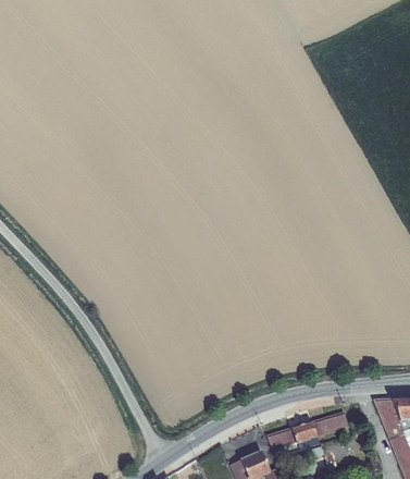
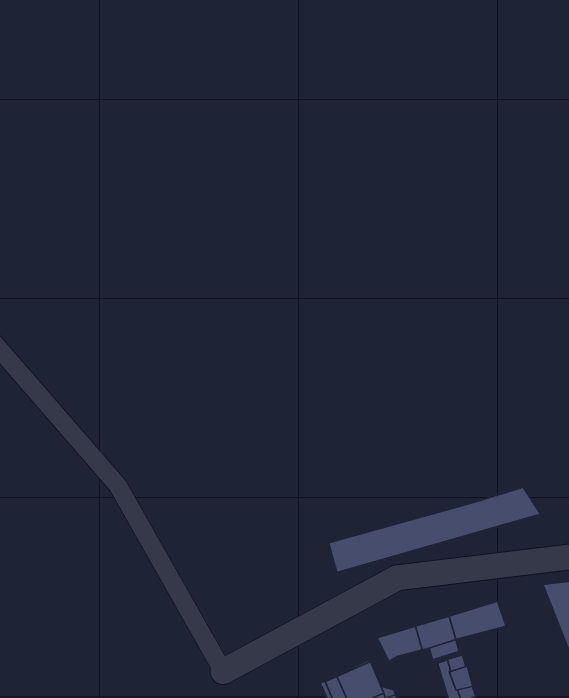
building: none -> [328,487,541,573]

